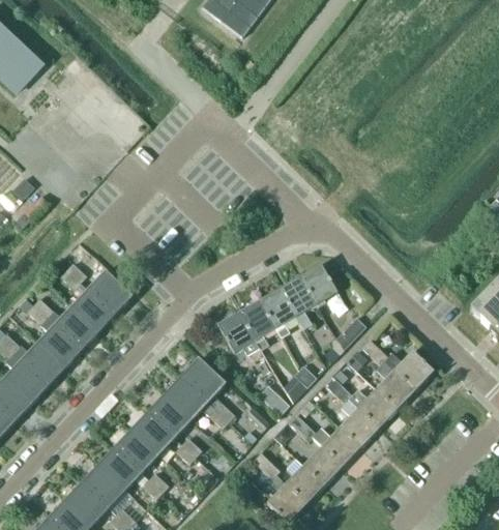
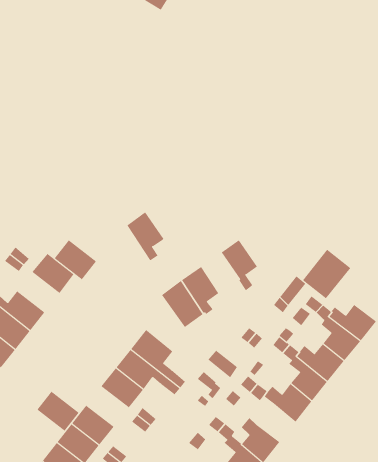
building: [300,264,336,304] -> none
building: [260,287,297,337] -> [126,212,164,261]
building: [70,290,114,332] -> [54,239,97,280]
building: none -> [302,249,351,299]
building: [130,412,174,454] -> [36,391,80,431]
building: [302,445,342,484] -> none

